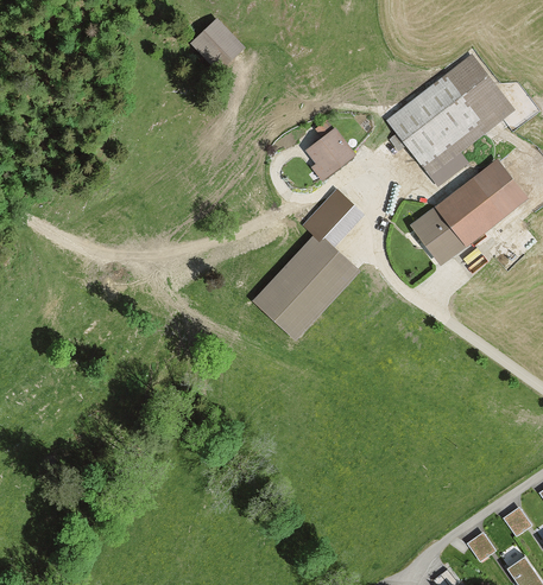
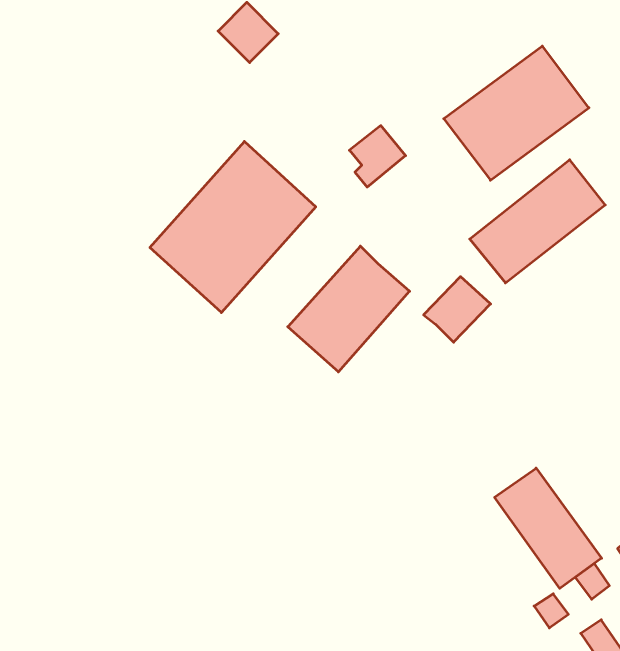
building: none -> [150,141,316,313]
building: [304,190,362,247] -> [424,277,491,342]
building: none -> [495,468,602,588]

